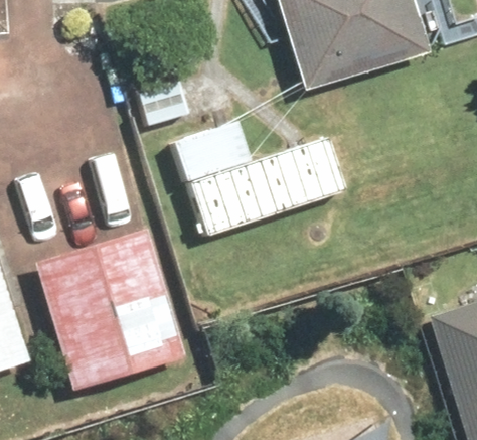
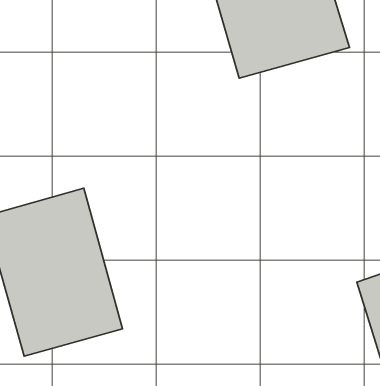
building: [159,103,341,238] -> none

